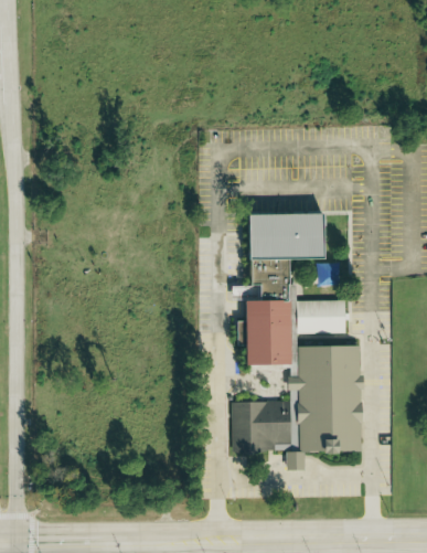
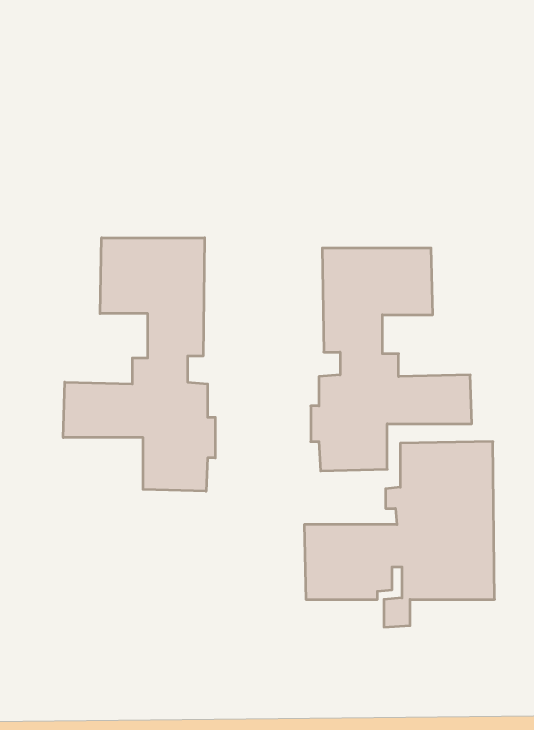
building: none -> [63,238,215,491]

